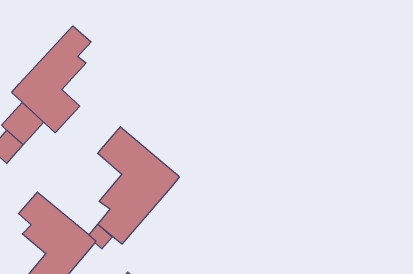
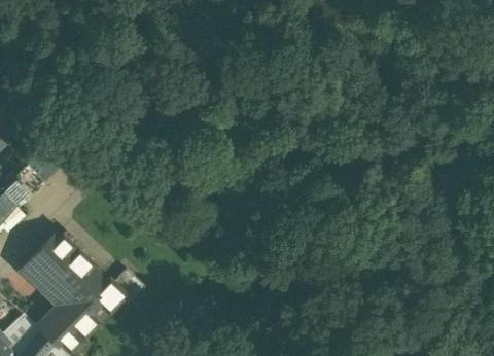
building: [12,26,91,133] -> none
building: [98,127,179,244] -> none

